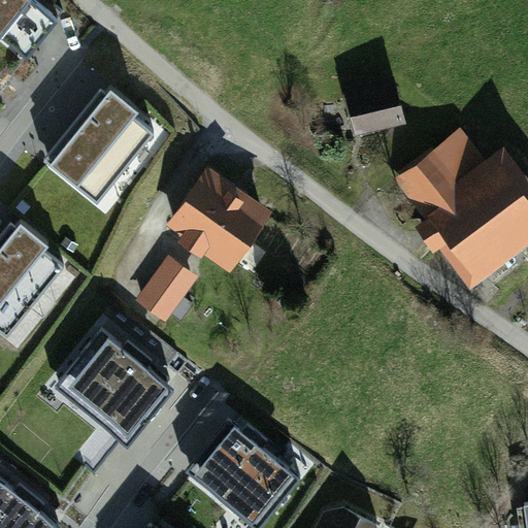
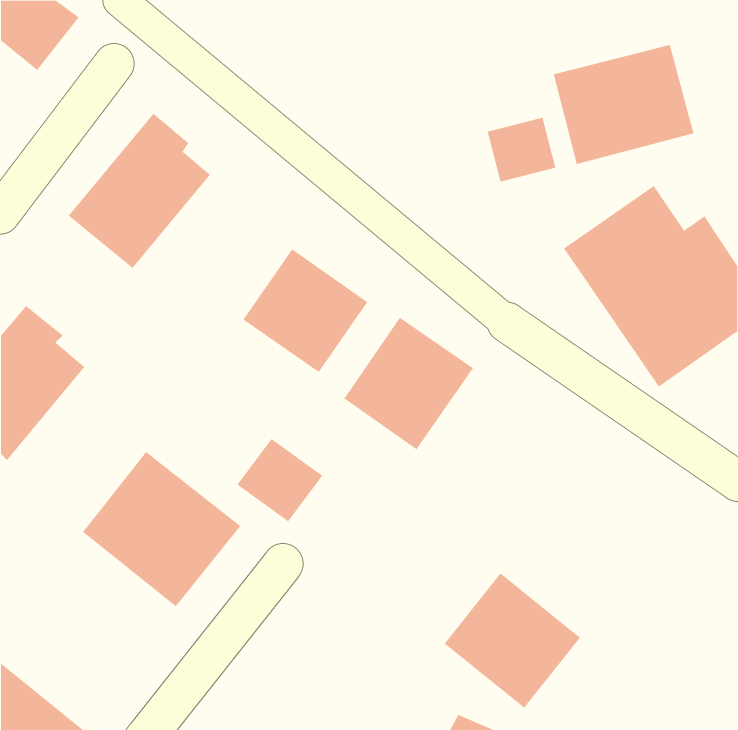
building: none -> [553,44,694,165]
building: none -> [344,317,474,450]
building: [131,263,193,323] -> [237,438,323,522]
building: [194,426,292,523] -> [444,573,581,709]

